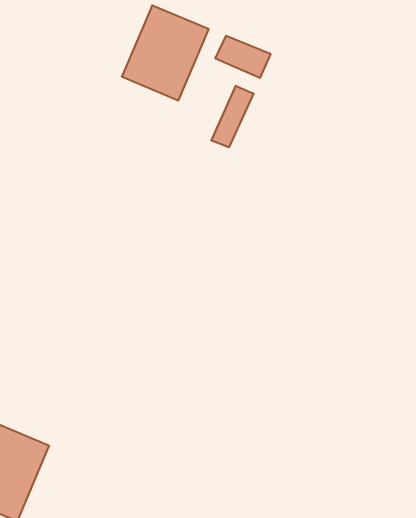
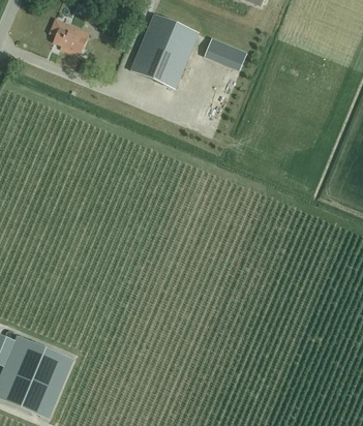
building: none -> [50,19,89,56]
building: [211,86,254,147] -> none

